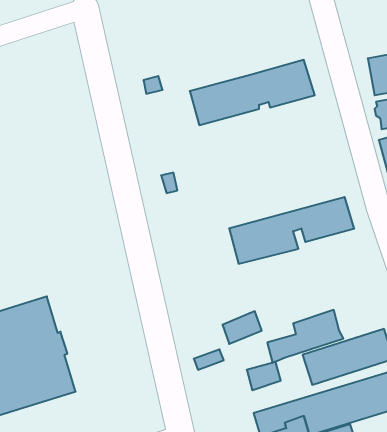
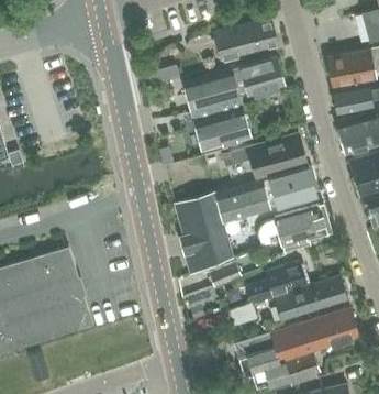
building: none -> [212,19,278,63]
building: none -> [190,98,250,152]
building: none -> [221,134,306,179]
building: none -> [174,191,232,275]
building: none -> [275,206,331,252]

